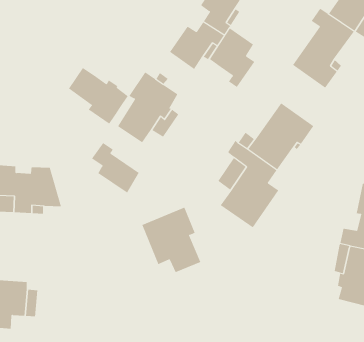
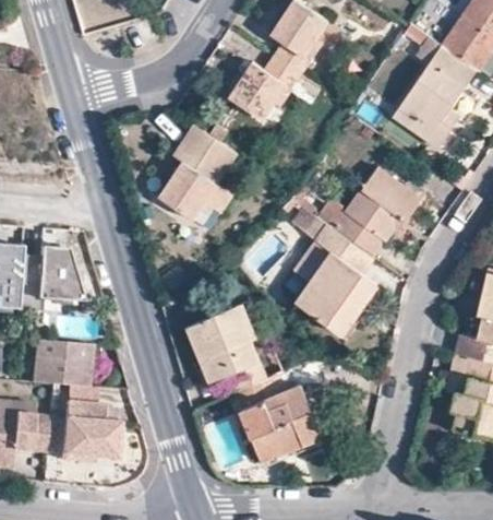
building: [209,28,255,88] -> none
building: [68,67,129,125] -> none
building: [91,142,139,194] -> none
building: none -> [35,342,92,388]
building: none -> [240,383,321,459]
building: none -> [65,403,123,462]

